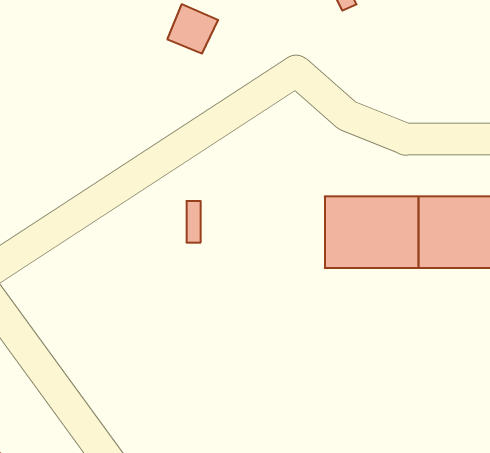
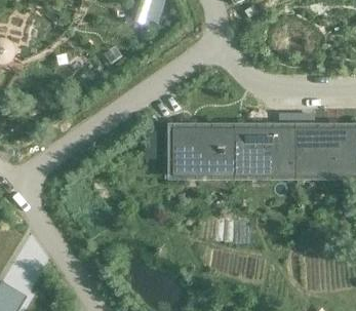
building: none -> [173,127,235,173]

